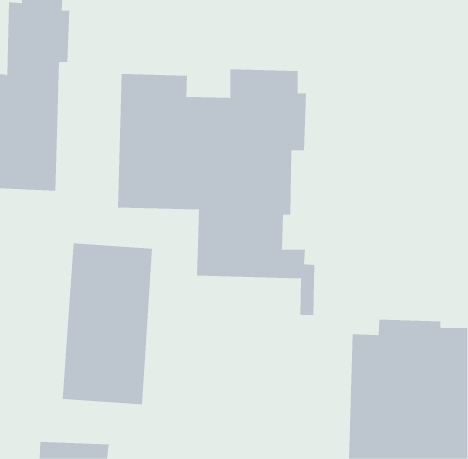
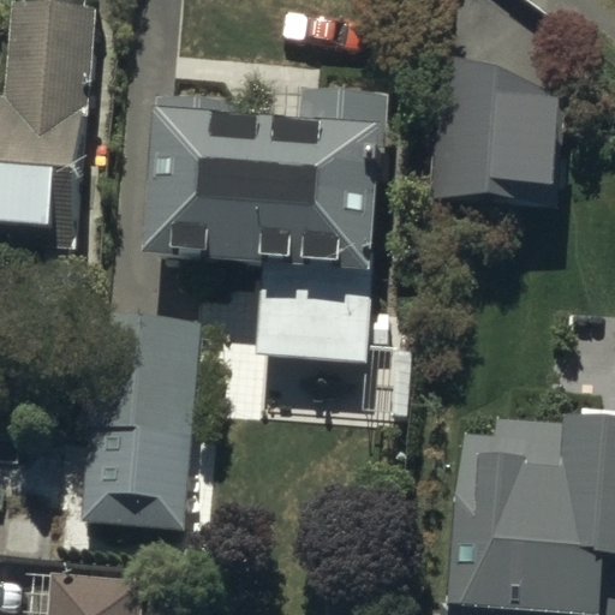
building: none -> [436,53,556,202]

